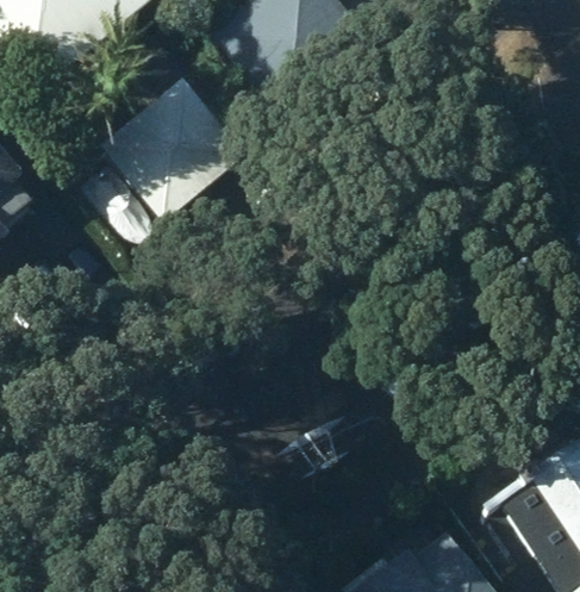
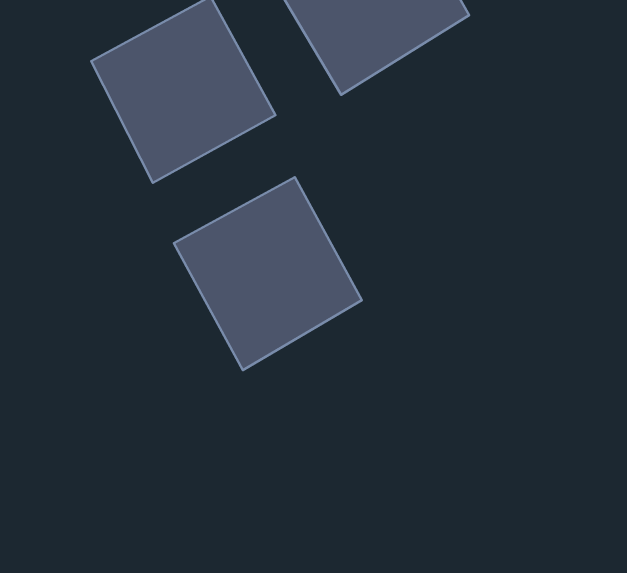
building: none -> [174,177,362,370]

